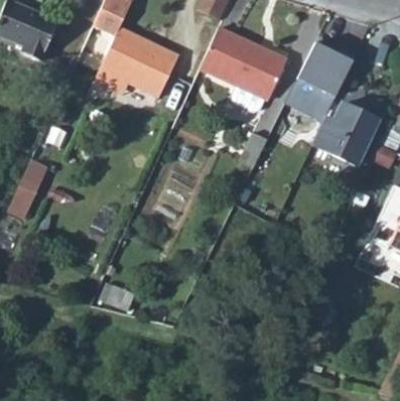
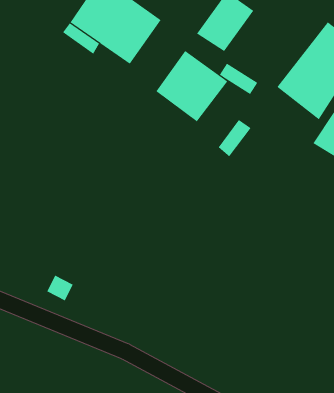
building: [233,41,293,101] -> [155,50,228,122]

